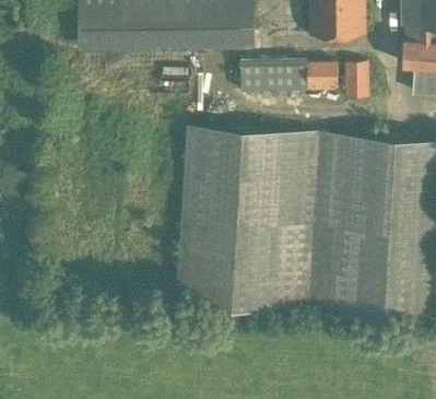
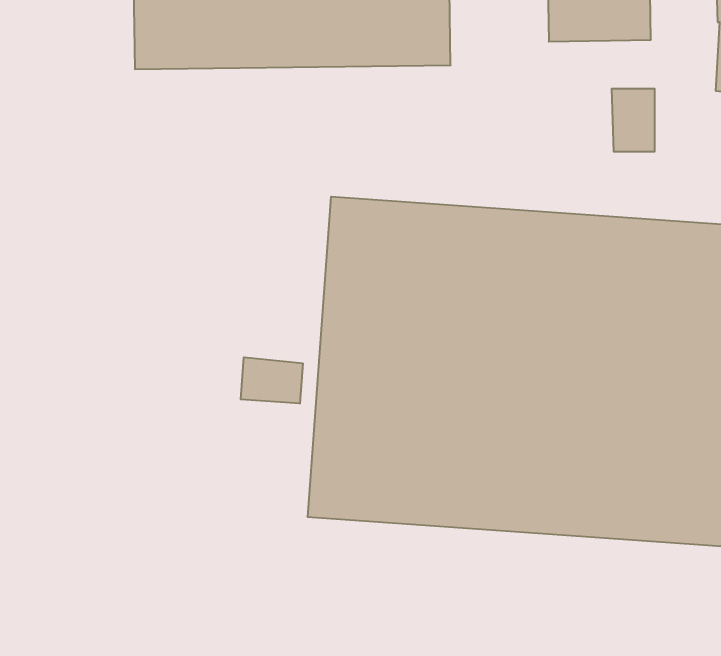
building: [240,58,337,93] -> none
building: none -> [241,357,303,404]

